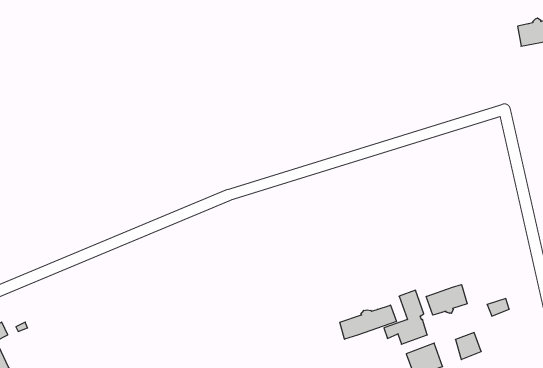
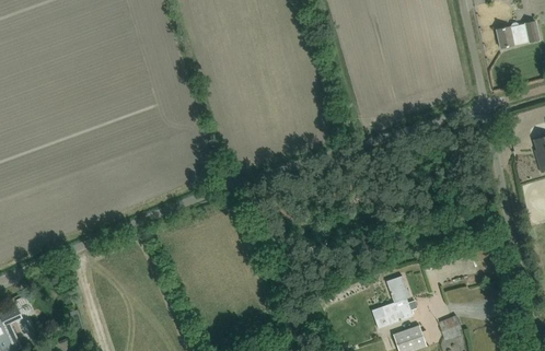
building: [426,285,467,315] -> none
building: [340,305,396,339] -> none

